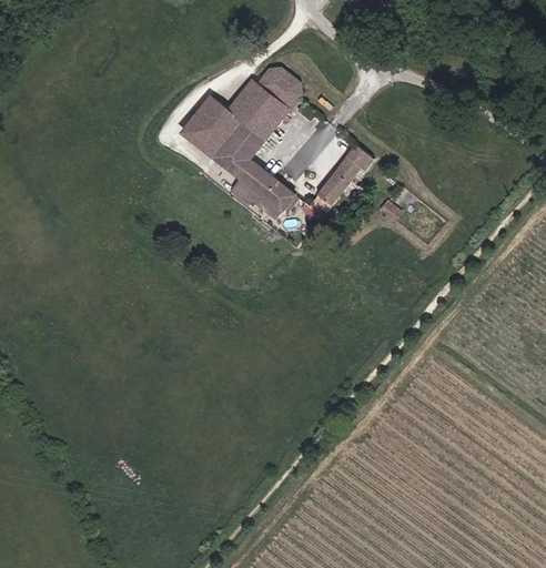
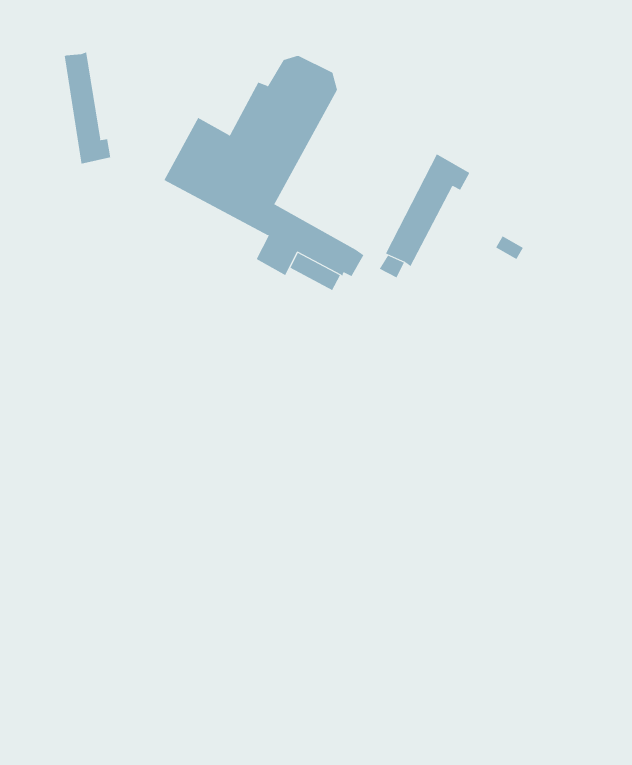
building: none -> [64,52,111,164]

